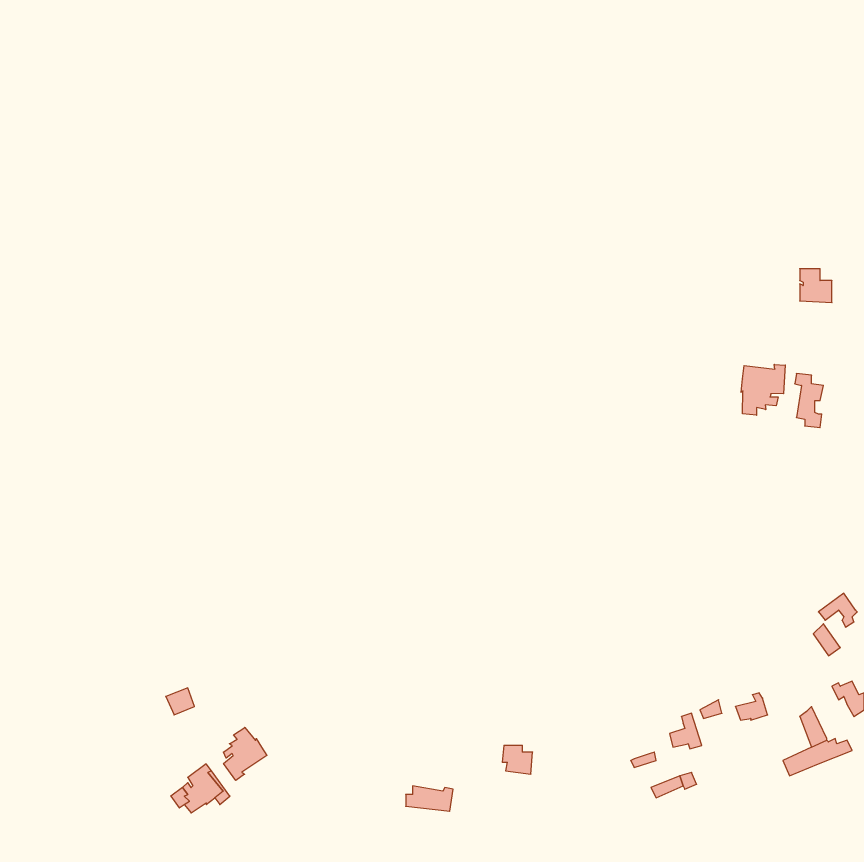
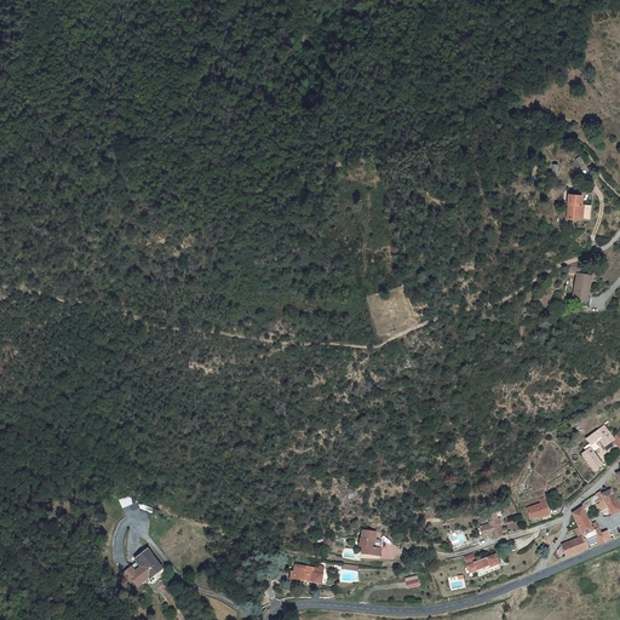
building: [741,364,785,415] -> none
building: [223,727,267,780] -> none

